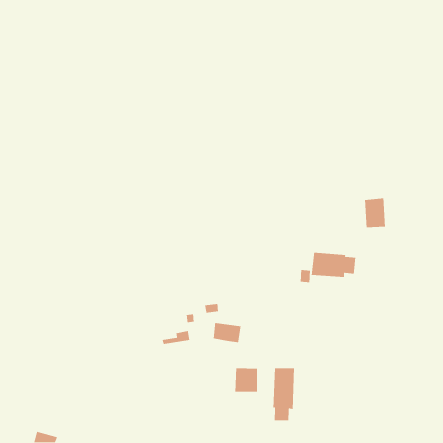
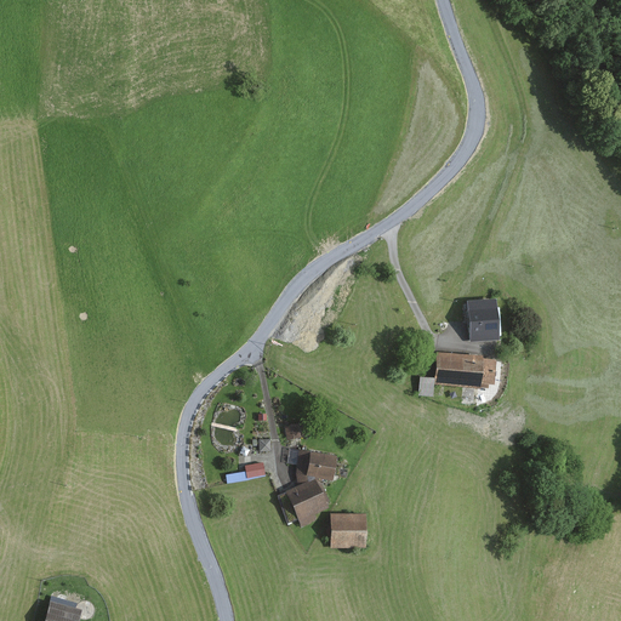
building: [364,198,386,228] -> [469,298,500,341]
building: none -> [287,473,330,525]
building: [273,368,295,421] -> none

